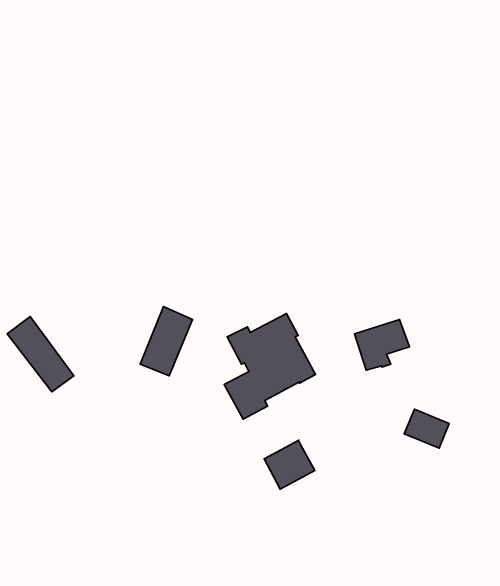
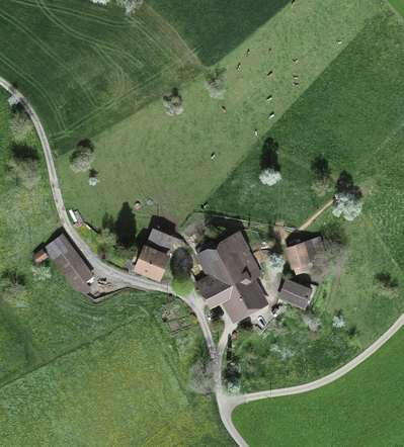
building: [404,409,449,448] -> [279,281,311,308]
building: [264,440,315,489] -> [225,282,260,317]

